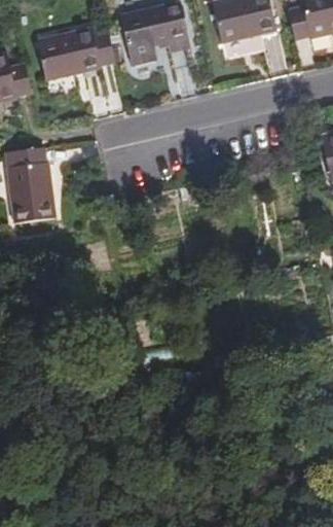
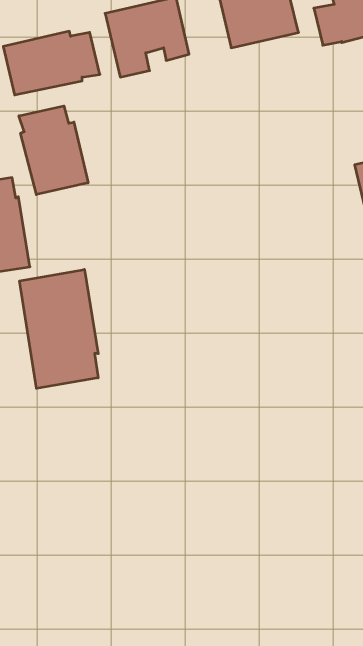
building: none -> [19,106,88,195]
building: none -> [20,269,98,388]

